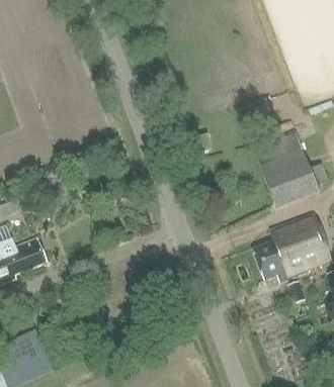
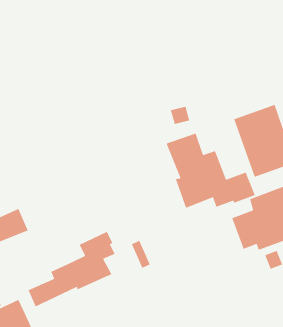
building: none -> [166,132,256,209]
building: none -> [27,231,116,307]

